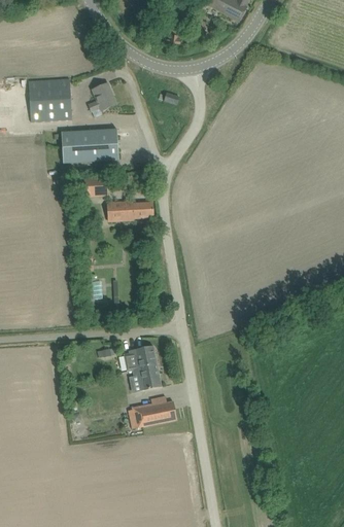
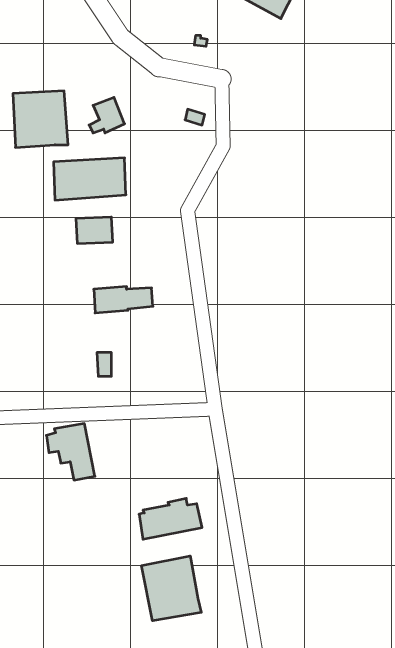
building: [106,201,152,221] -> [94,287,153,313]
building: [122,345,160,389] -> [46,424,95,480]
building: none -> [142,556,201,621]

